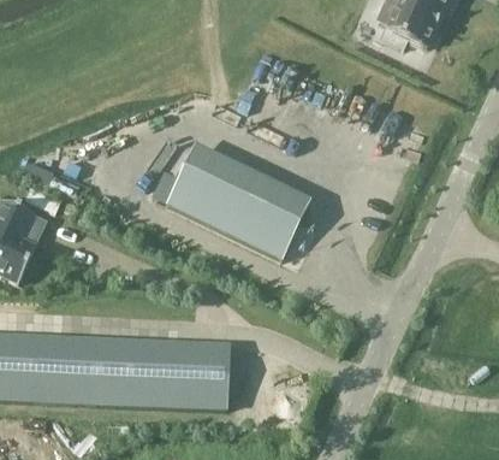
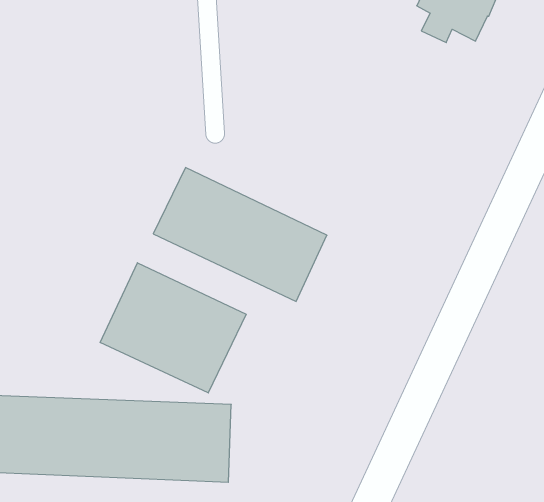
building: none -> [100,263,246,393]

